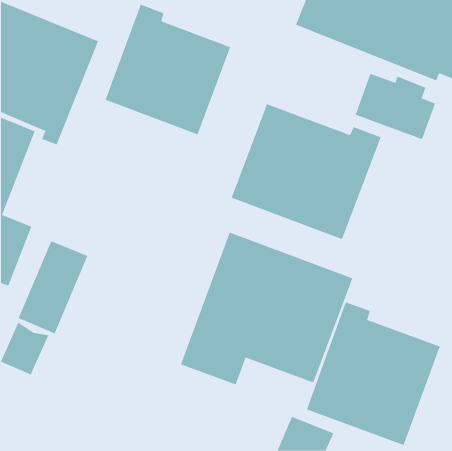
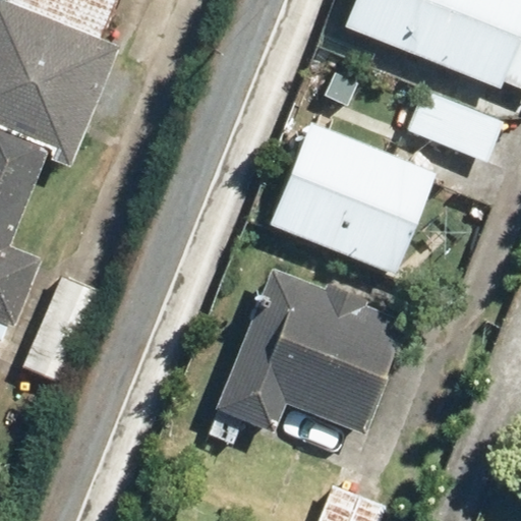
building: [105,4,231,135] -> none
building: [306,301,441,446] -> none

